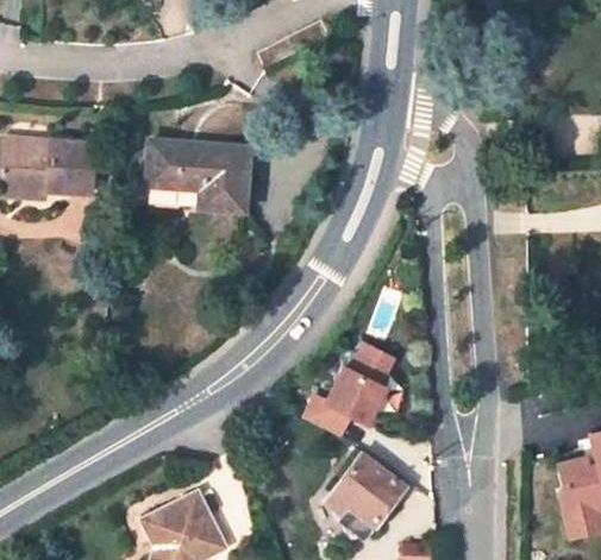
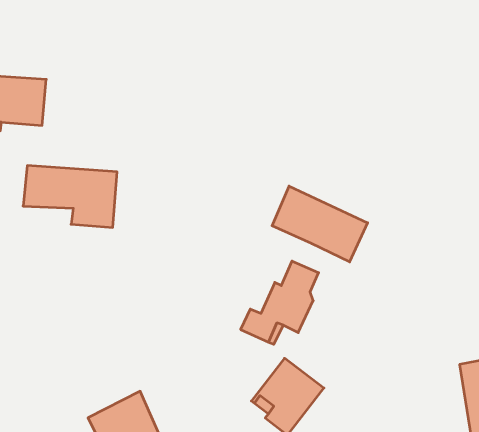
building: [144,140,249,209] -> [23,166,117,227]
building: none -> [272,186,368,262]

